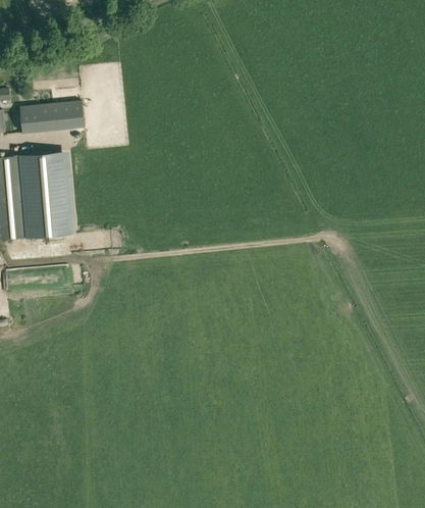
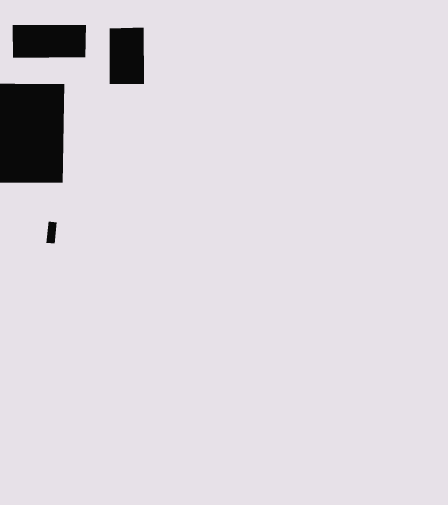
building: none -> [109,27,145,85]

